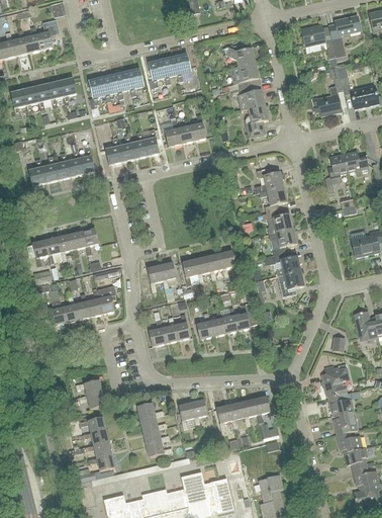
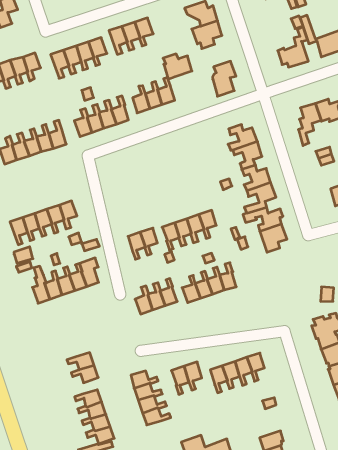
building: [237,86,265,110] -> [163,54,192,79]

